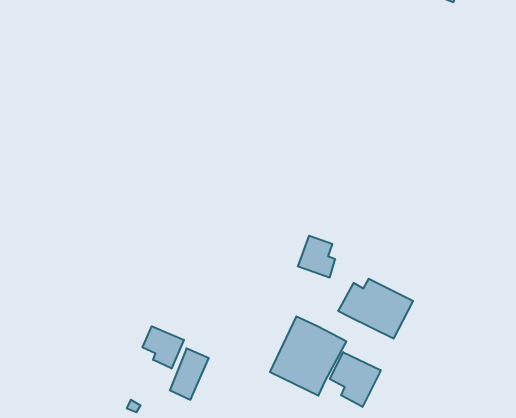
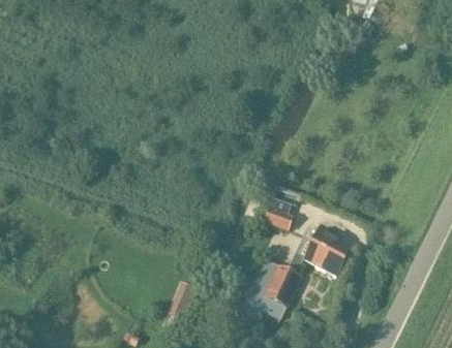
building: [143,326,184,369] -> none
building: [330,352,381,407] -> none

